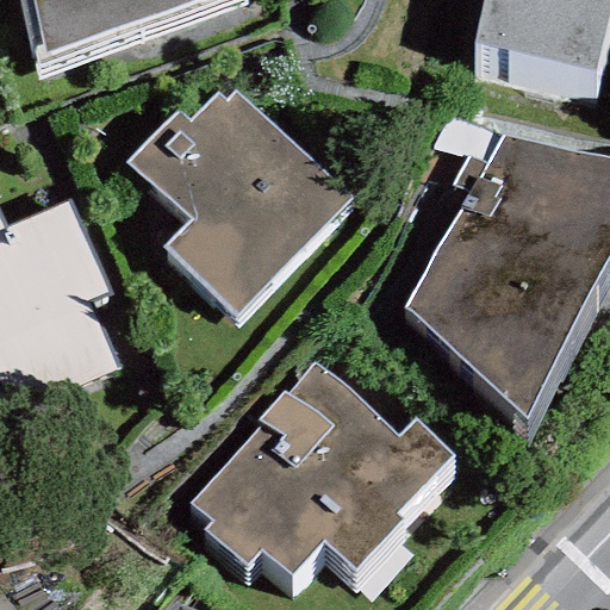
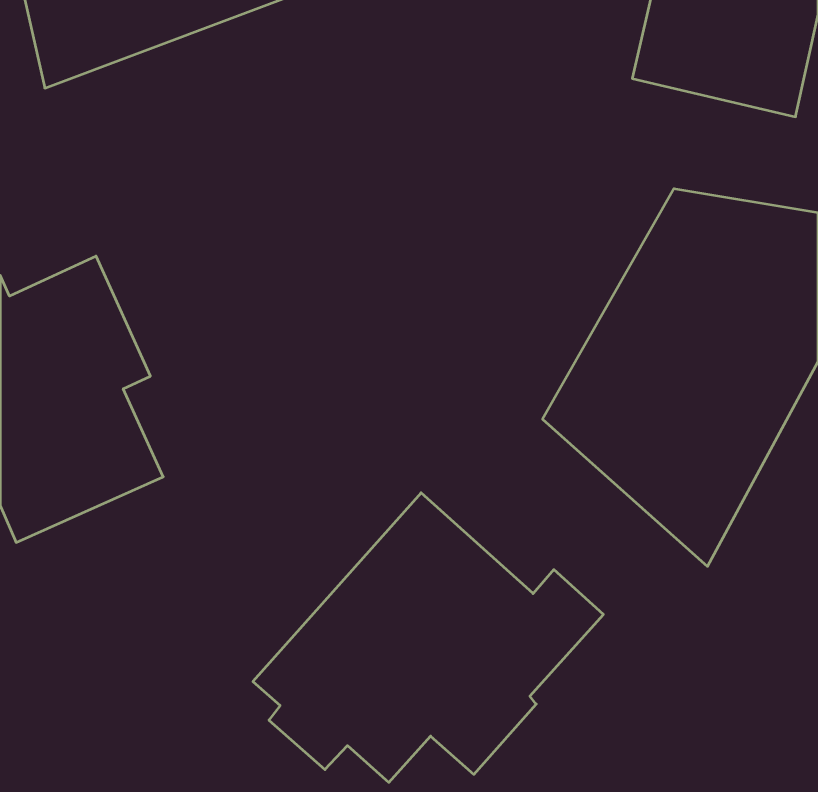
building: [126,89,347,313] -> none

